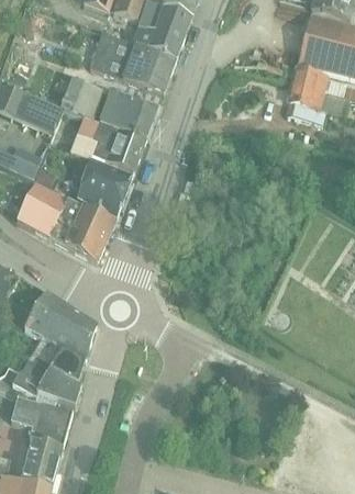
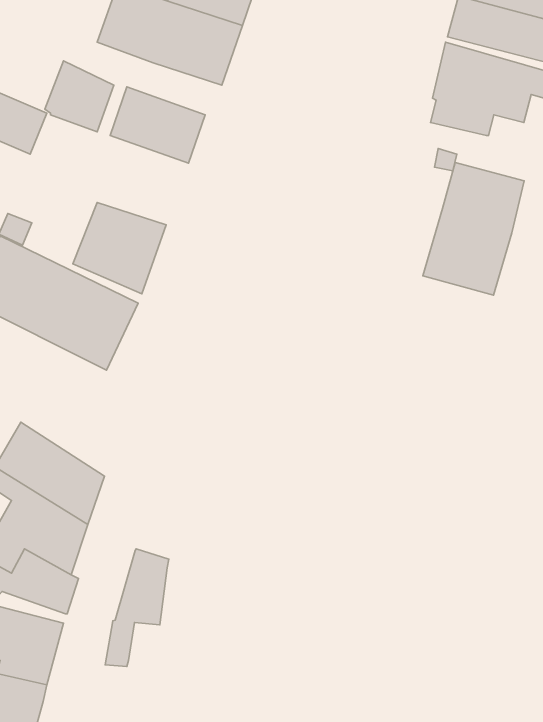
building: [56,109,144,169] -> none
building: none -> [423,163,524,295]
building: none -> [105,549,169,667]

